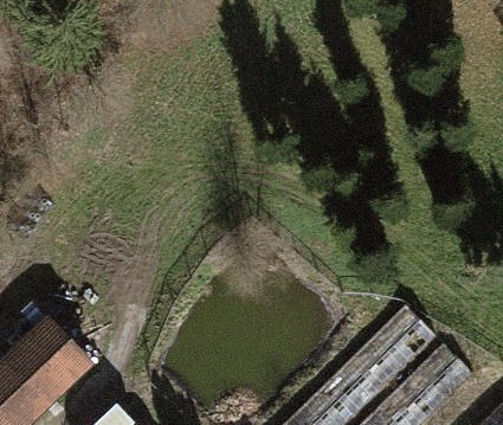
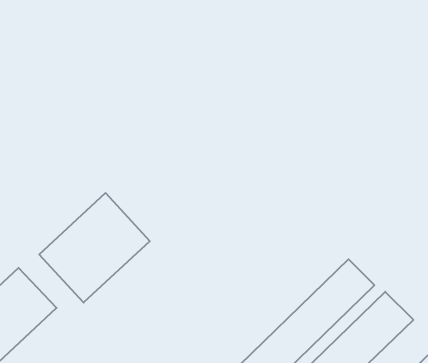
building: none -> [39,193,150,303]

